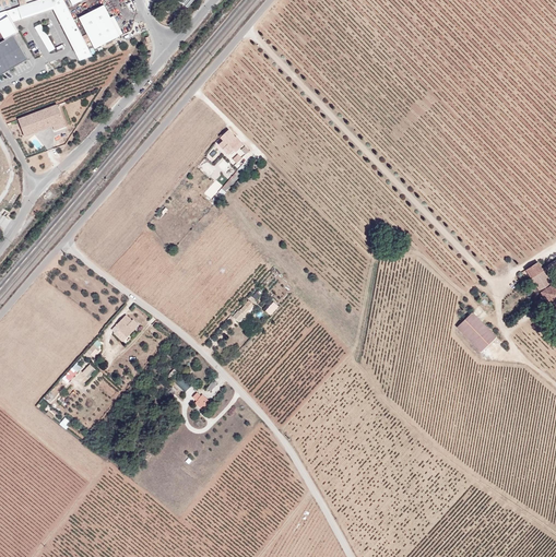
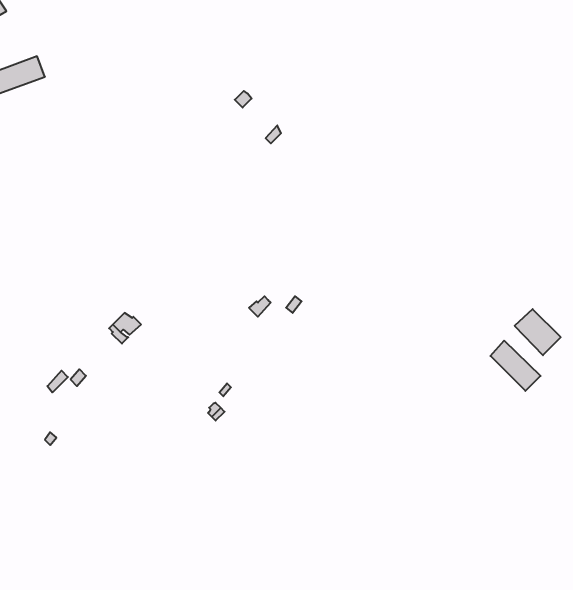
building: none -> [490,341,541,391]

